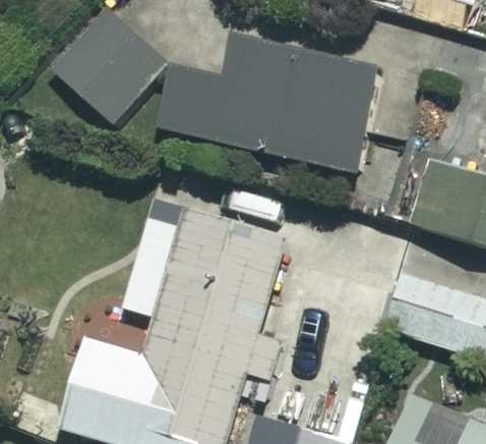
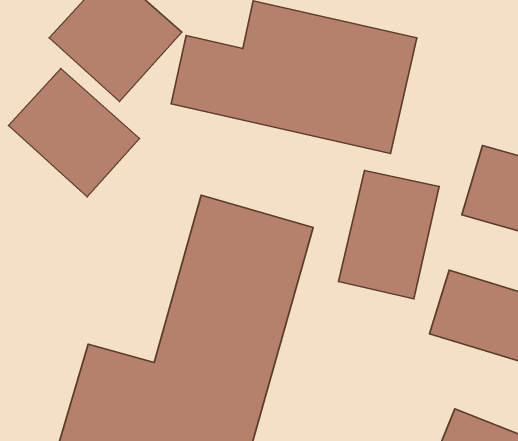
building: none -> [8,69,139,197]
building: none -> [339,171,439,299]

